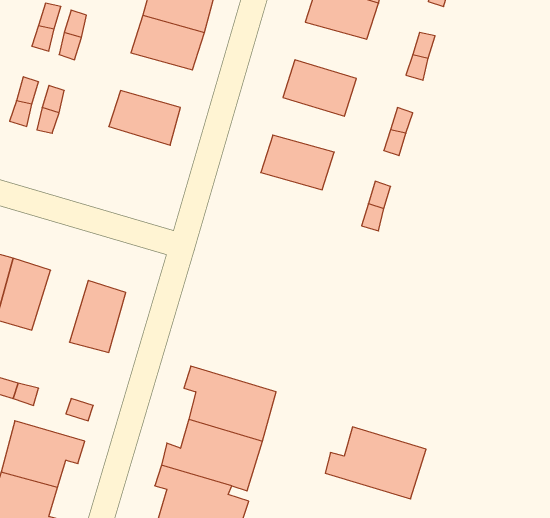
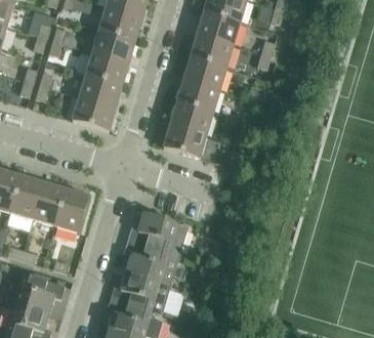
building: none -> [191,33,234,67]
building: none -> [86,51,129,84]
building: none -> [177,78,220,111]
building: none -> [73,95,116,130]
building: none -> [164,123,207,157]
building: none -> [33,181,67,224]
building: [325,427,426,499] -> [128,211,189,254]

